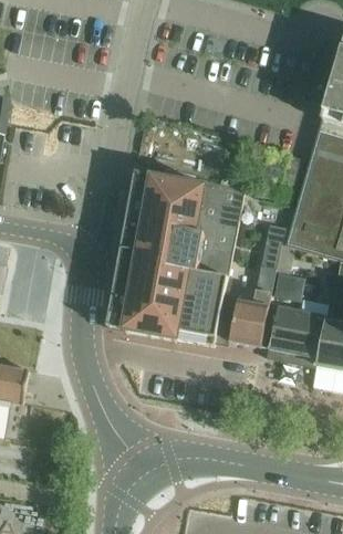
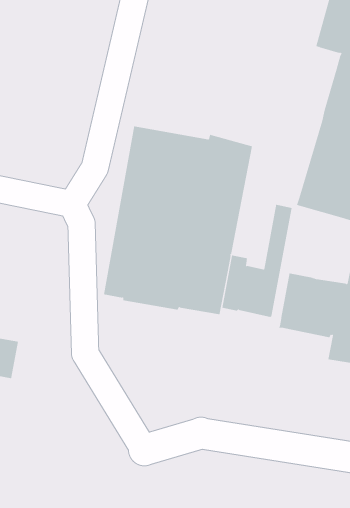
building: [277,273,306,302] -> none

